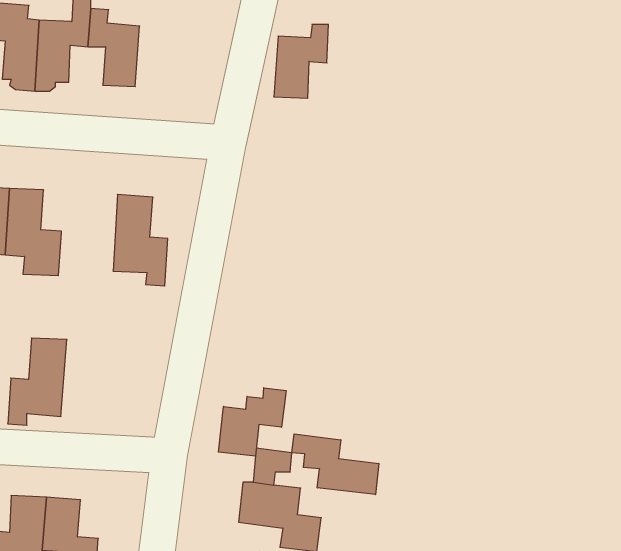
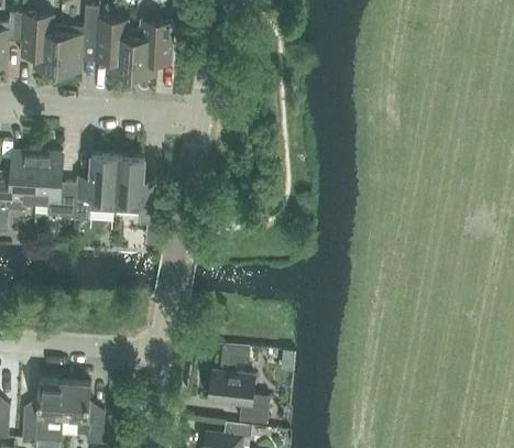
building: [274,24,328,98] -> [131,21,172,76]
building: [8,338,67,425] -> [74,154,118,219]
building: [219,388,286,456] -> none
building: [292,434,379,495] -> none

